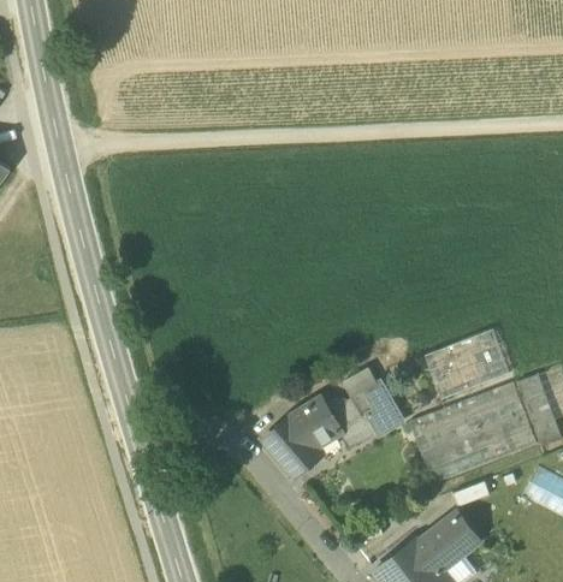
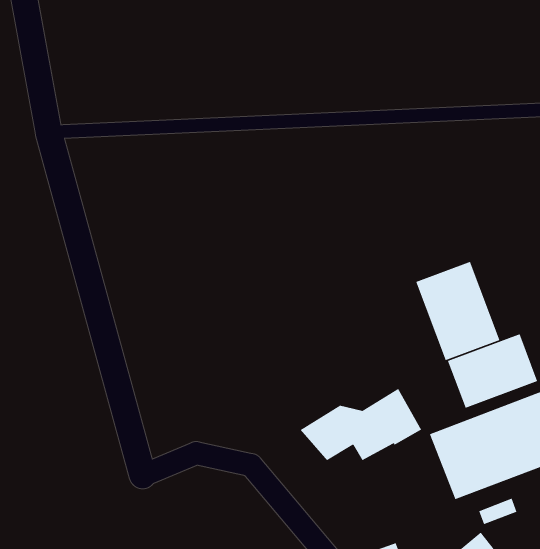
building: none -> [415,261,501,361]
building: [265,416,320,474] -> none

